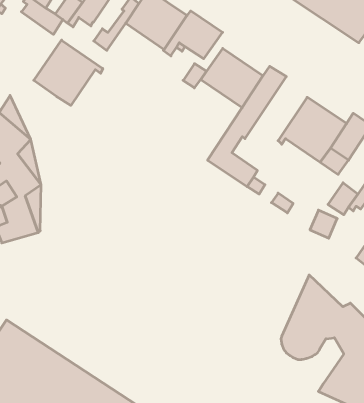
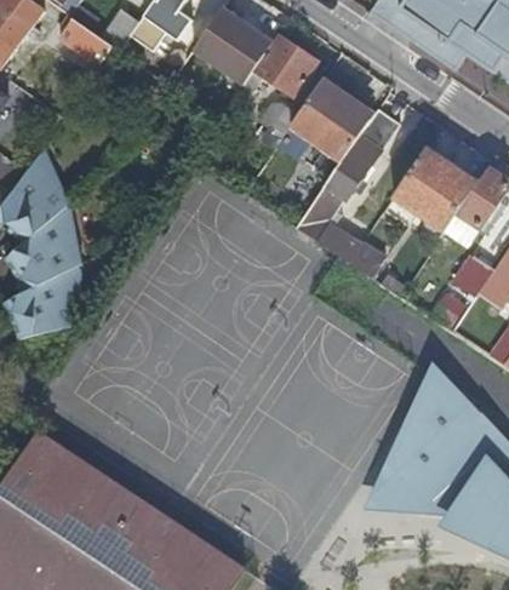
building: [34,40,103,105] -> none
building: none -> [368,454,474,516]

